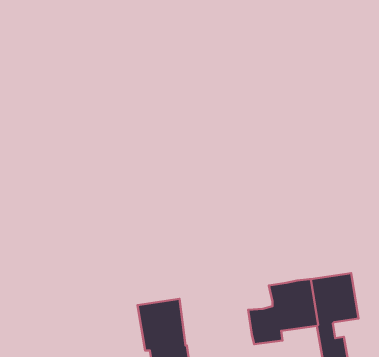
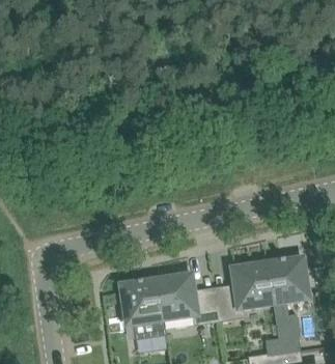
building: none -> [157,276,220,324]

